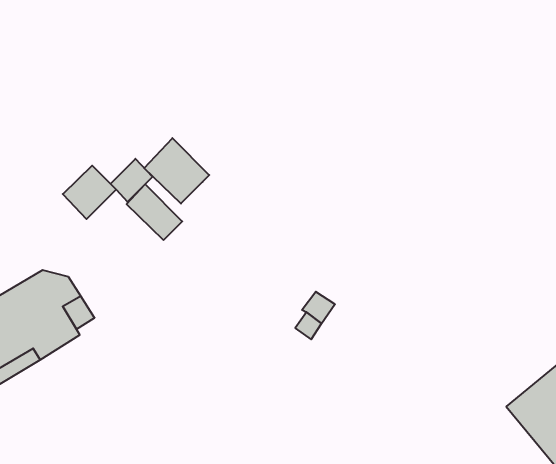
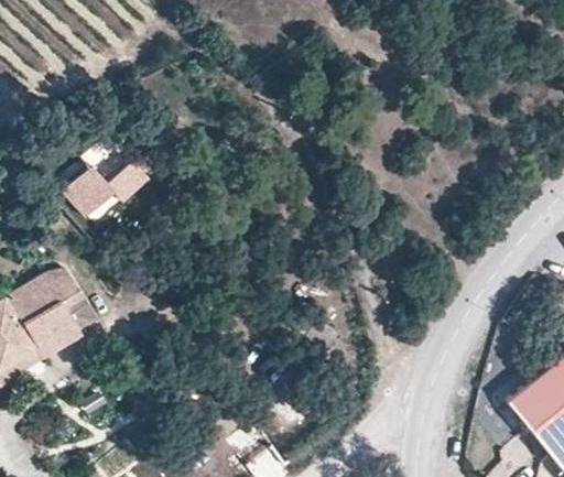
building: [144,138,209,204] -> none
building: [127,184,182,240] -> none

